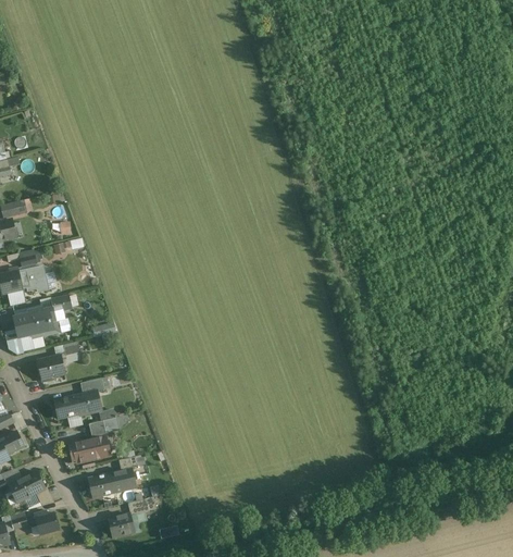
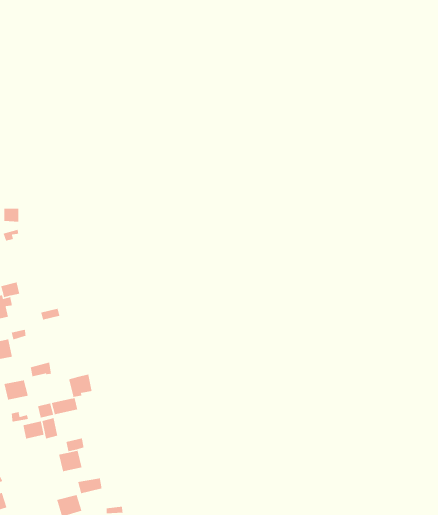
building: [75,391,100,416] -> [68,374,92,398]
building: [87,473,114,497] -> none

